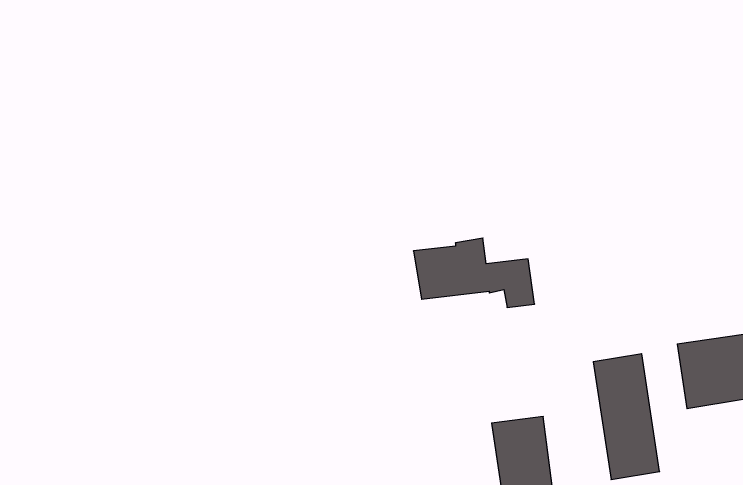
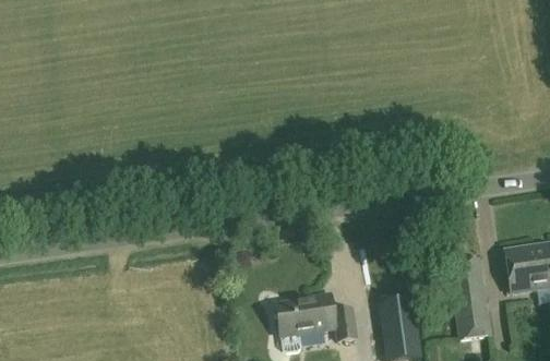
building: [413,238,535,307] -> [274,293,356,340]

